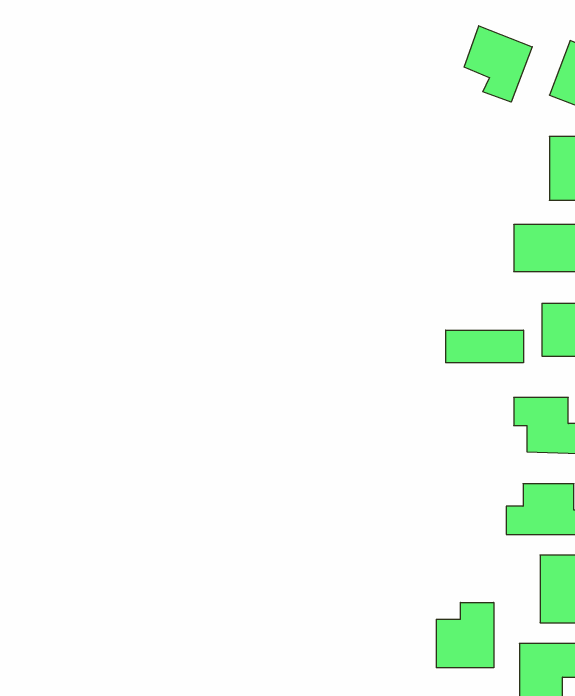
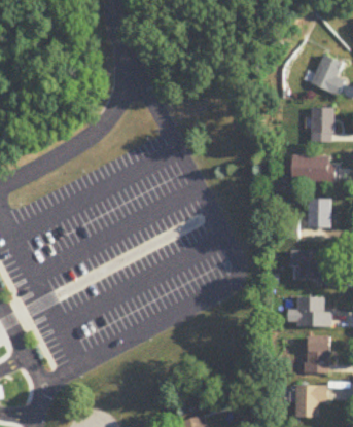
building: [464,26,532,102] -> none
building: [446,330,523,363] -> none
building: [436,602,494,668] -> none

